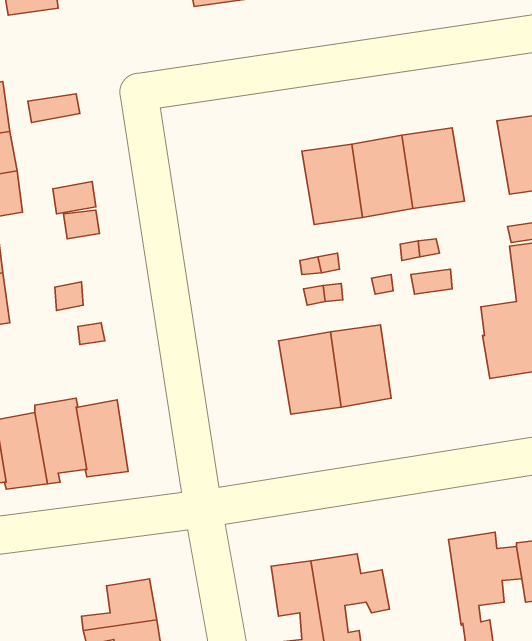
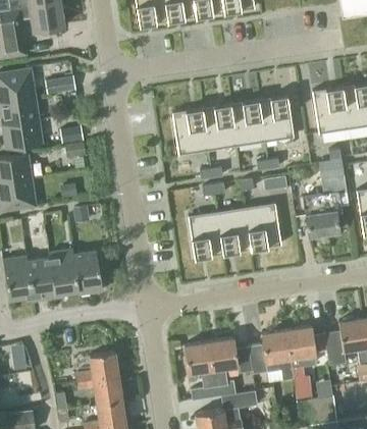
building: none -> [172,108,208,154]
building: none -> [246,203,280,249]
building: none -> [247,329,292,379]

